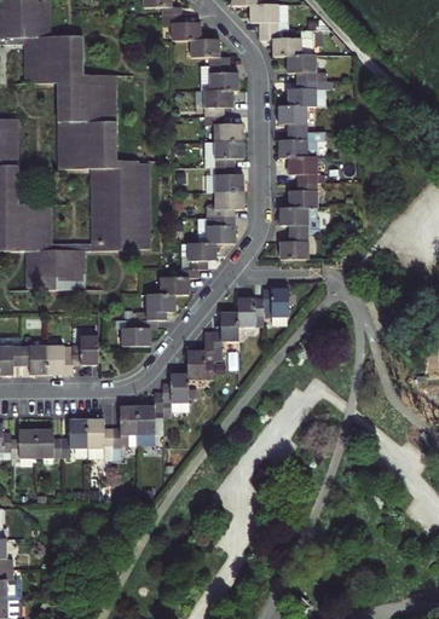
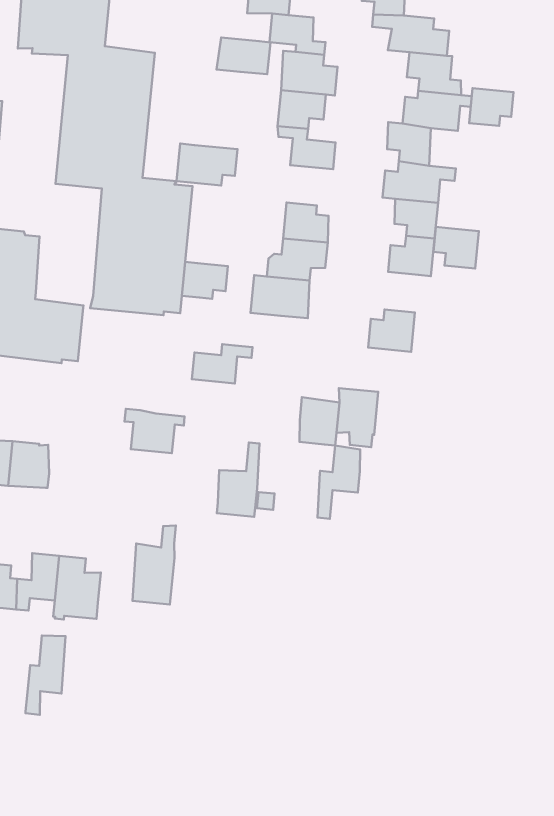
building: none -> [216,38,270,74]
building: none -> [469,88,514,126]
building: [204,141,243,167] -> [177,144,237,185]
building: [278,207,307,232] -> [433,227,479,269]
building: [189,243,218,266] -> [182,262,228,299]
building: [140,291,178,317] -> none
building: [212,311,238,360] -> [317,445,360,519]
building: [70,335,98,365] -> none
building: [161,372,187,404] -> none
building: [114,405,137,459] -> [25,636,65,715]

